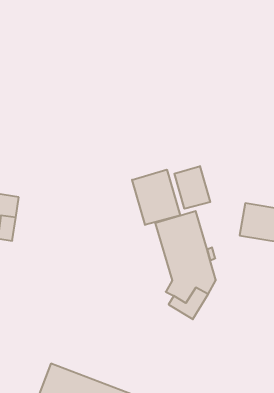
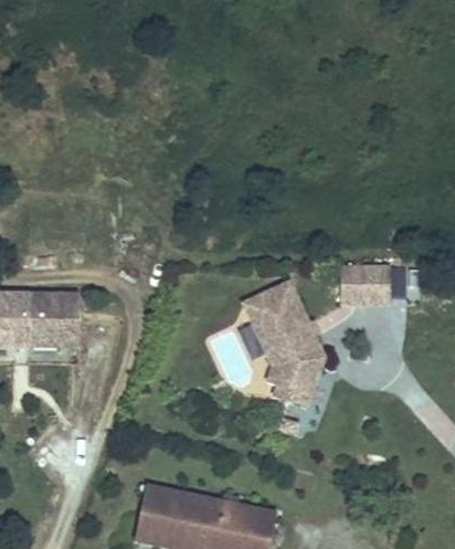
building: [174,166,210,209] -> none
building: [132,170,180,225] -> none

